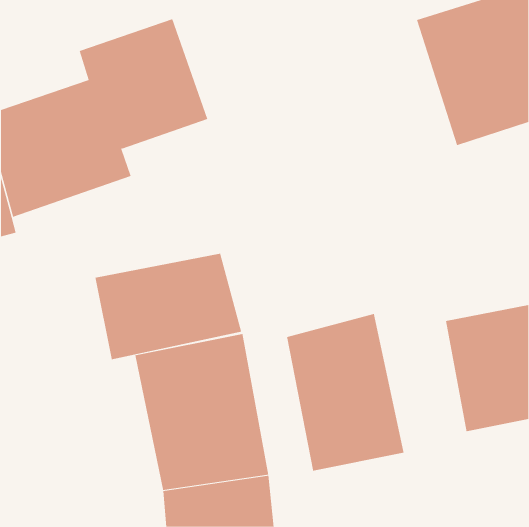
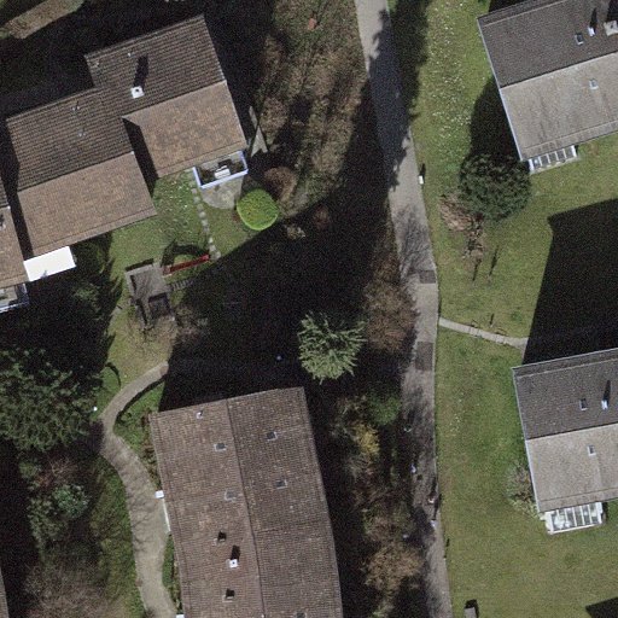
building: [95,253,242,360] -> none
building: [287,313,404,471] -> none

